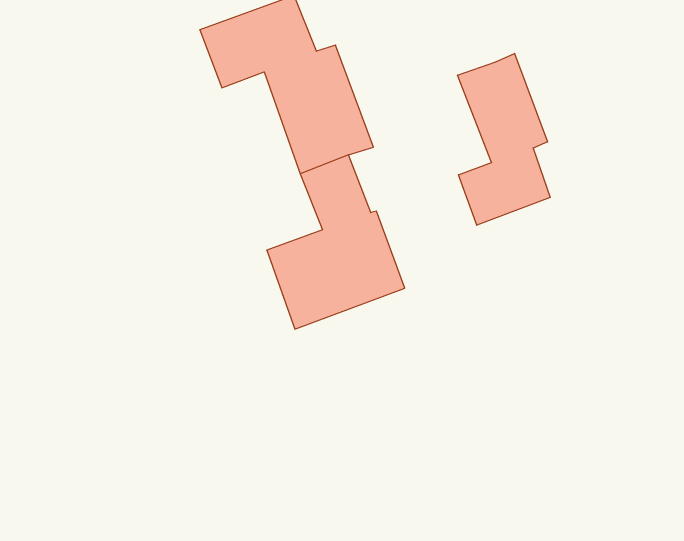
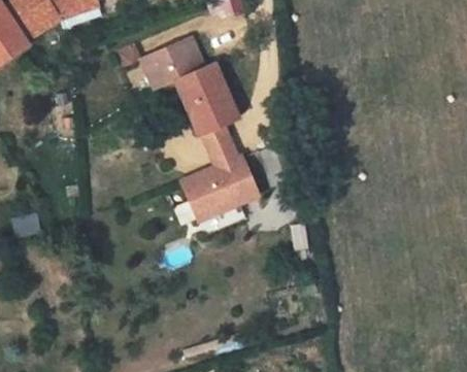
building: [458,53,550,225] -> none

